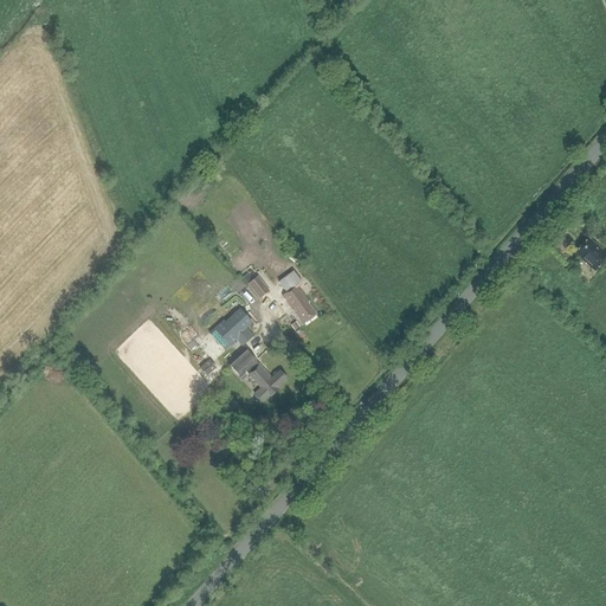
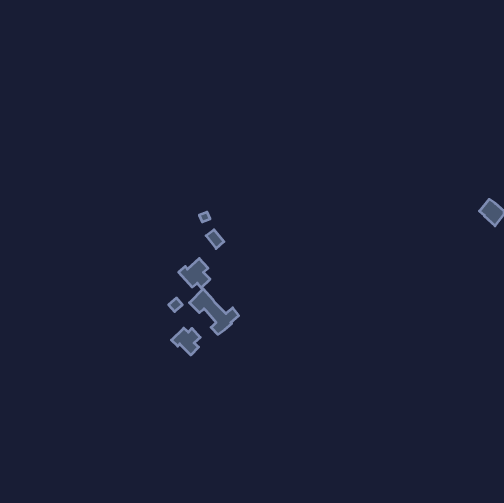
building: [281,283,316,323] -> none
building: none -> [171,328,200,355]

